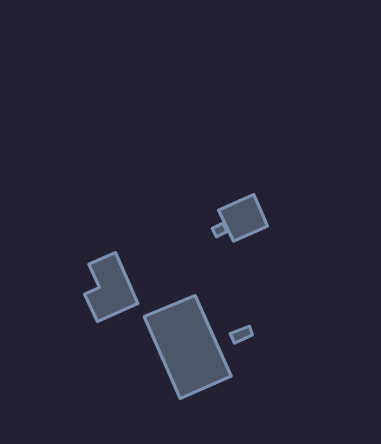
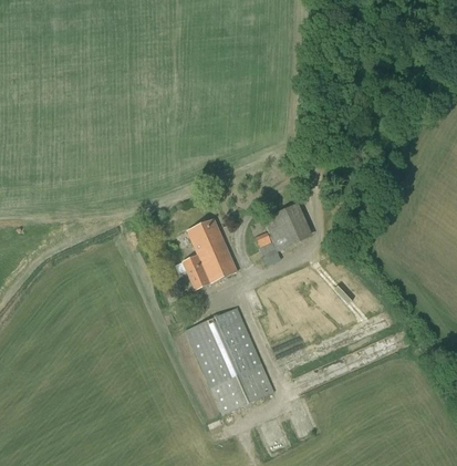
building: [85,253,138,322] -> [181,218,237,290]

